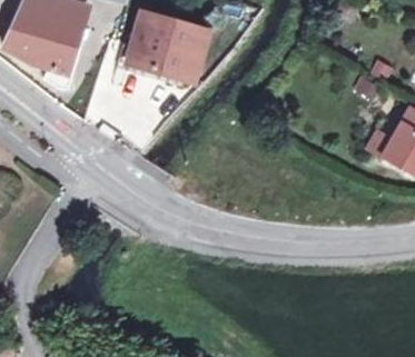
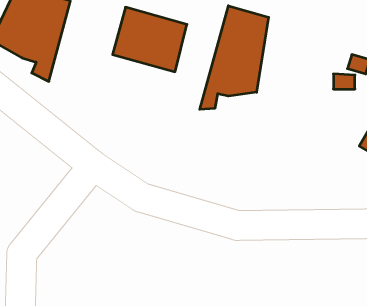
building: none -> [200,6,269,109]

